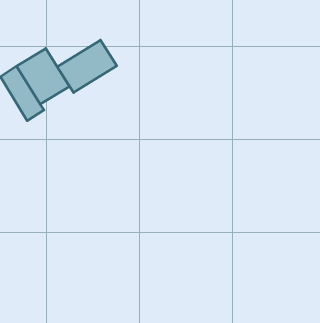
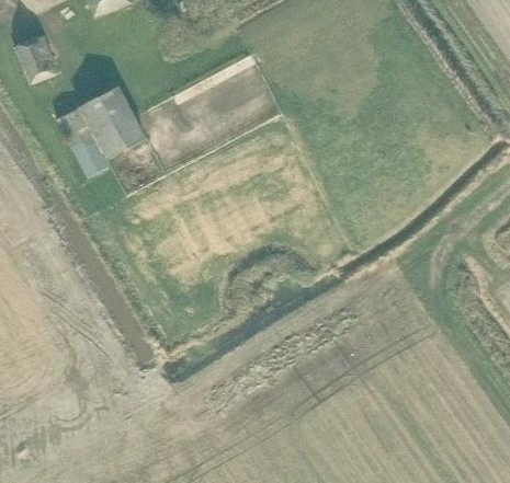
building: [57,40,117,93] -> none

